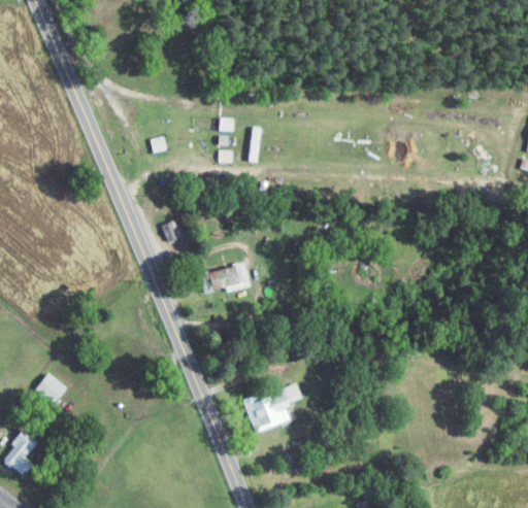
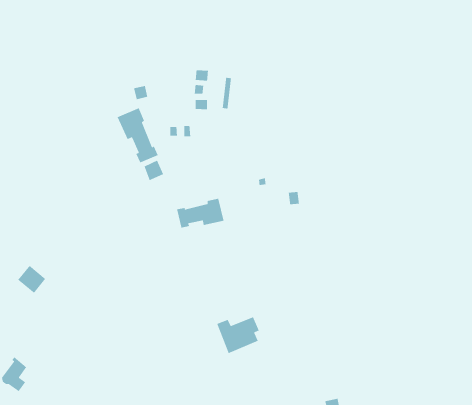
building: none -> [117,107,159,163]
building: [35,373,67,405] -> [17,265,46,294]

